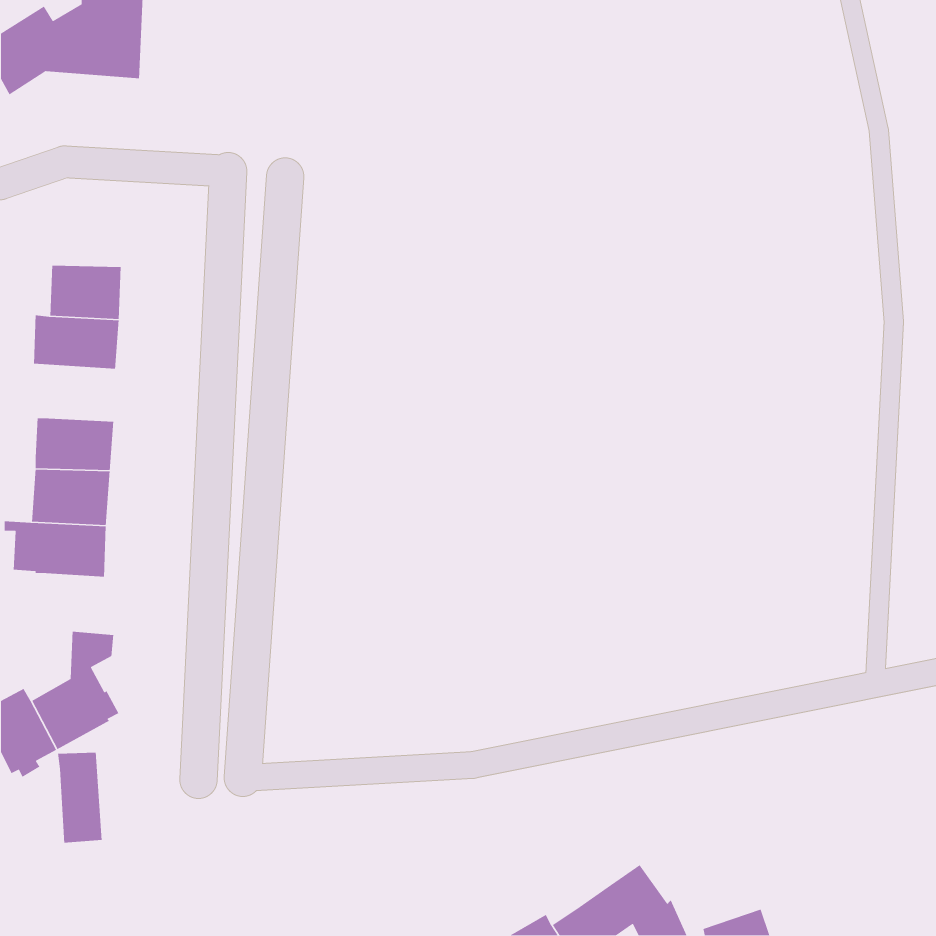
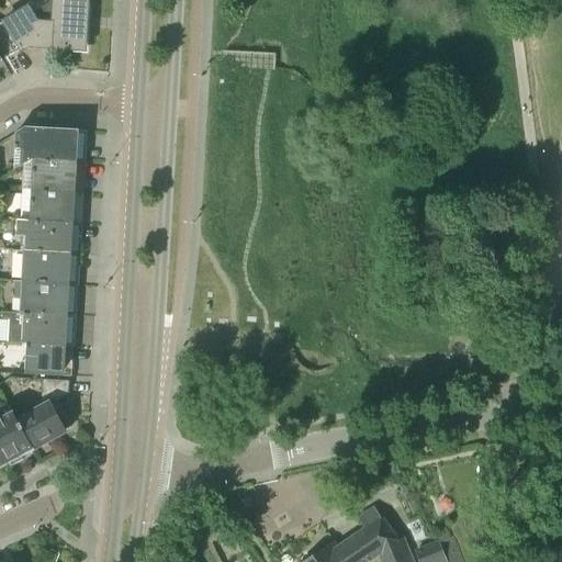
building: none -> [16,126,77,165]
building: none -> [16,217,71,251]
building: none -> [27,342,65,375]
building: [57,752,103,844] -> none

